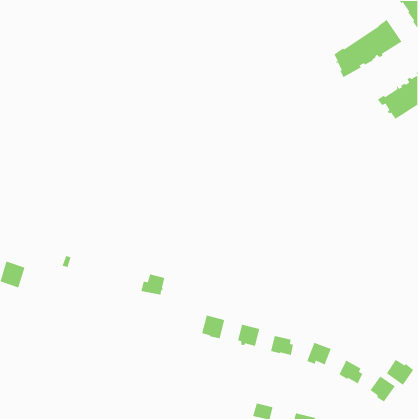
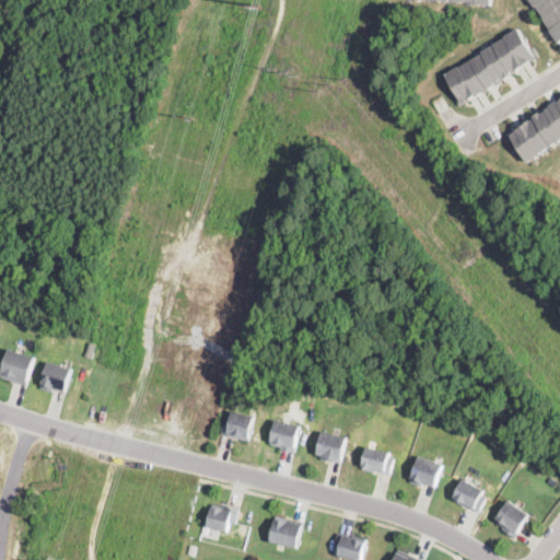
building: none -> [38,360,72,392]
building: [141,273,165,296] -> [220,411,253,441]
building: [386,359,414,386] -> none
building: none -> [206,505,238,533]
building: none -> [268,520,302,549]

